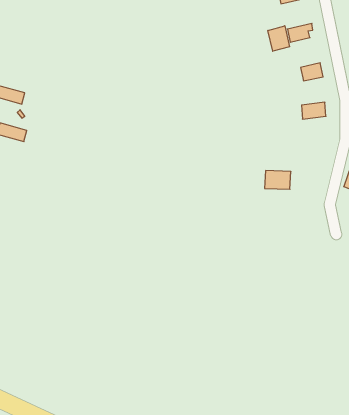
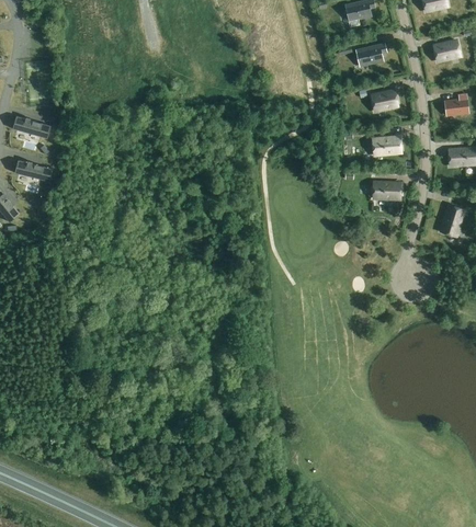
building: [268,26,290,51] -> none
building: [265,171,291,189] -> [372,180,403,202]

